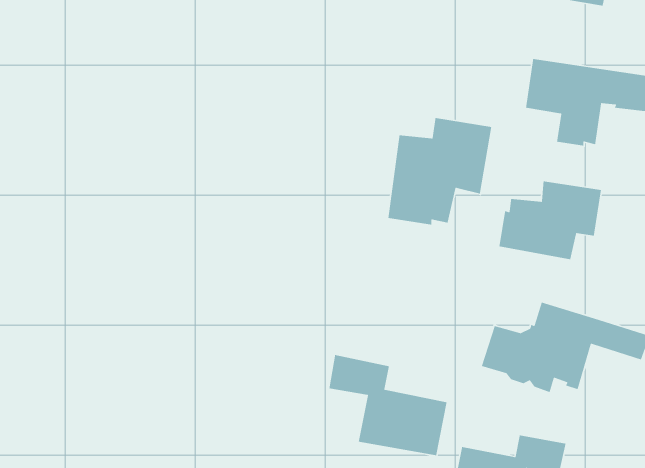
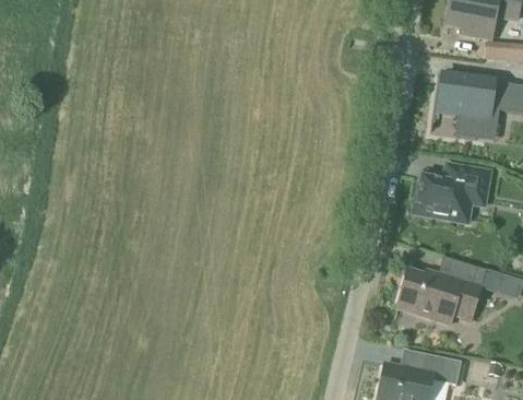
building: [387,117,492,226] -> none
building: [329,354,448,456] -> none

